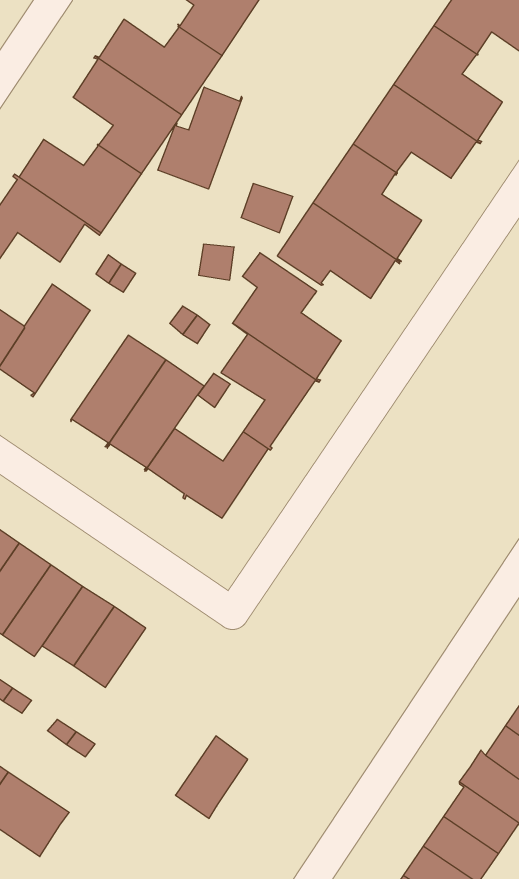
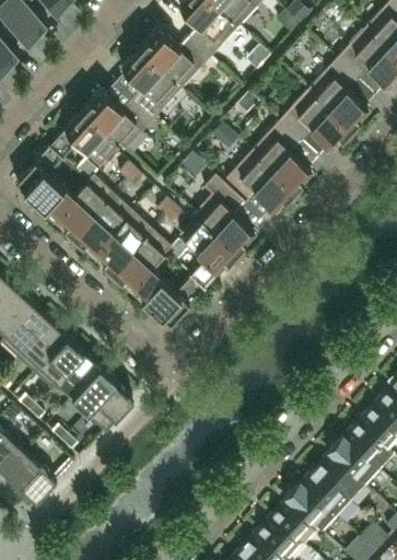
building: [158,87,242,189] -> none
building: none -> [72,194,132,255]
building: [175,736,248,818] -> [89,382,133,429]

